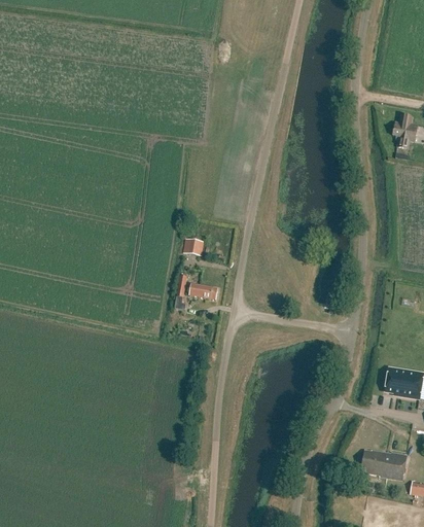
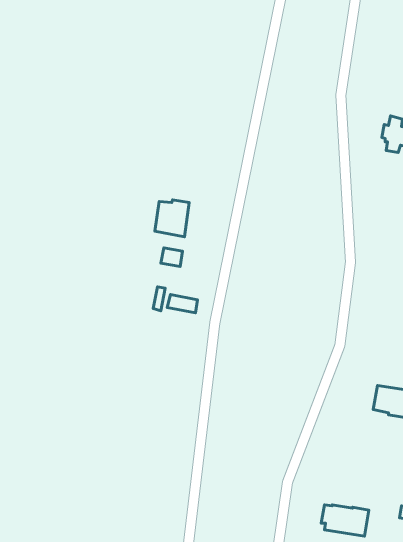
building: none -> [155,200,189,237]
building: [361,450,407,480] -> [321,505,369,536]

